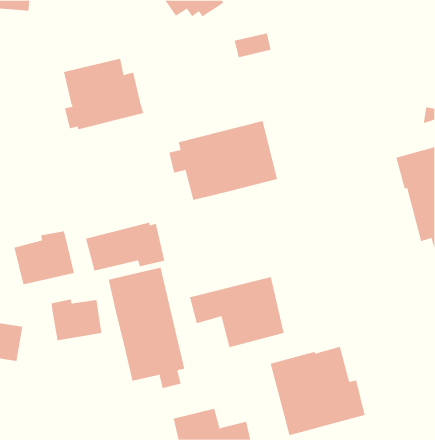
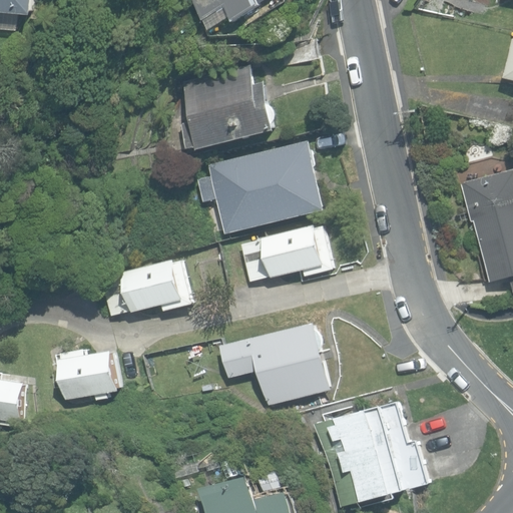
building: [63,58,144,130] -> [181,65,276,148]
building: none -> [239,224,333,282]
building: [14,230,74,285] -> none
building: [108,267,185,389] -> none

